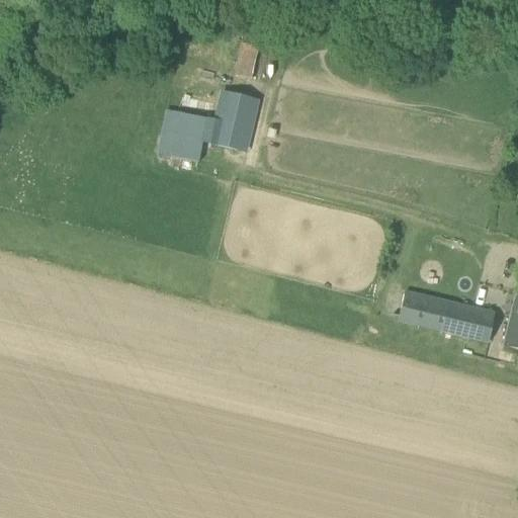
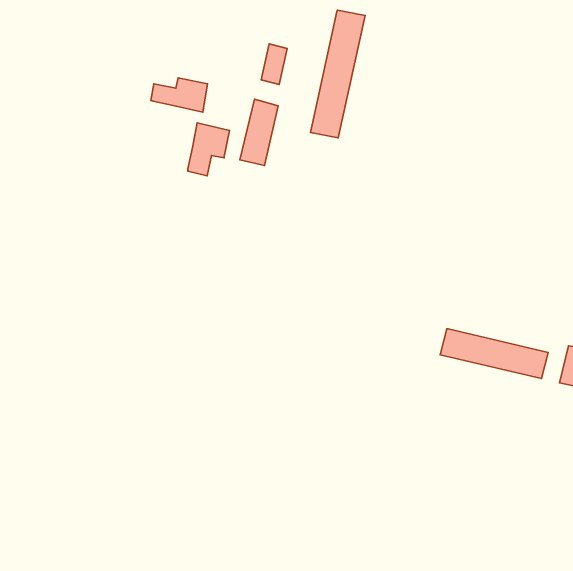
building: none -> [310,10,365,138]
building: none -> [151,78,207,112]

